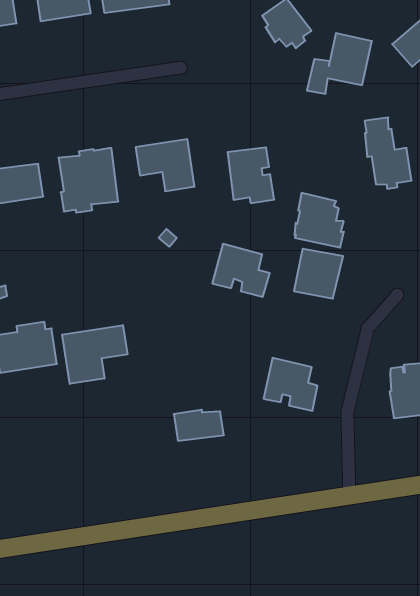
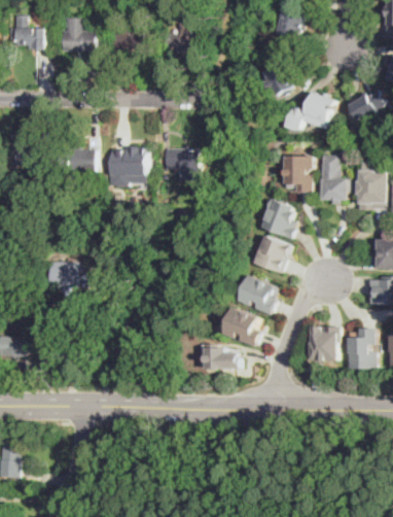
building: [228,148,274,203] -> [284,154,312,192]
building: [212,244,270,297] -> [239,274,279,314]
building: [62,325,127,384] -> none
building: [174,410,224,441] -> [206,348,238,368]

